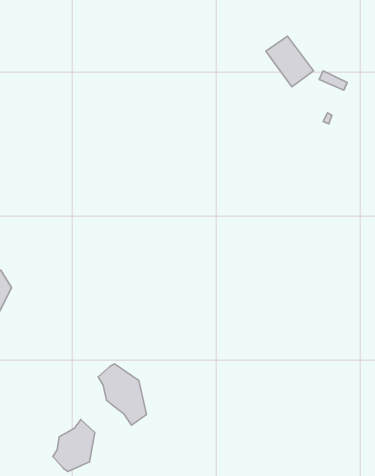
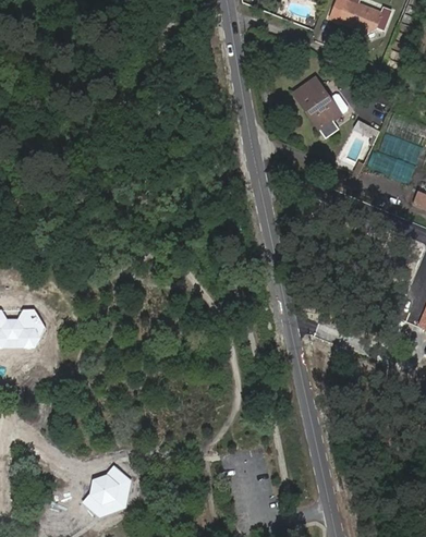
building: [98,364,146,425] -> none

